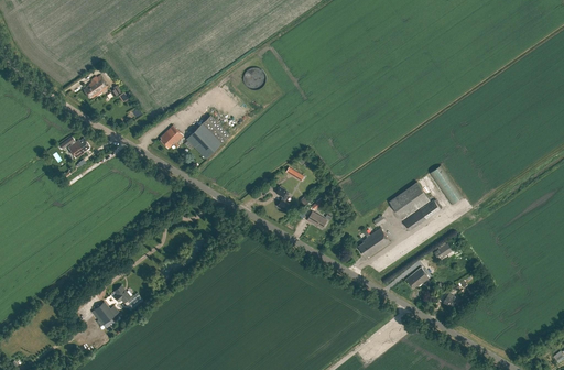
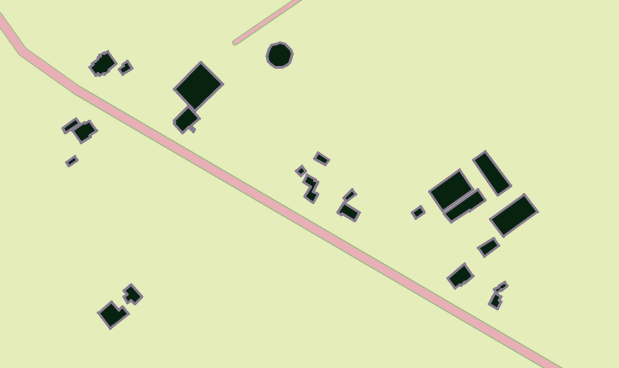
building: [186,115,230,159] -> [174,62,223,111]
building: none -> [490,194,538,237]
building: [358,228,391,259] -> none

